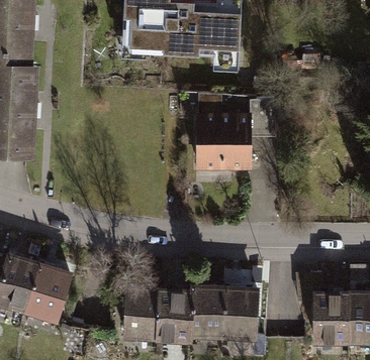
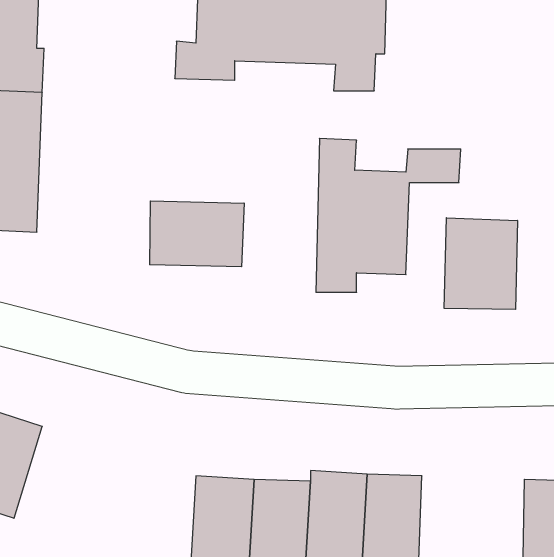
building: none -> [150,201,244,267]
building: none -> [444,218,517,309]
building: [24,259,72,321] -> none

